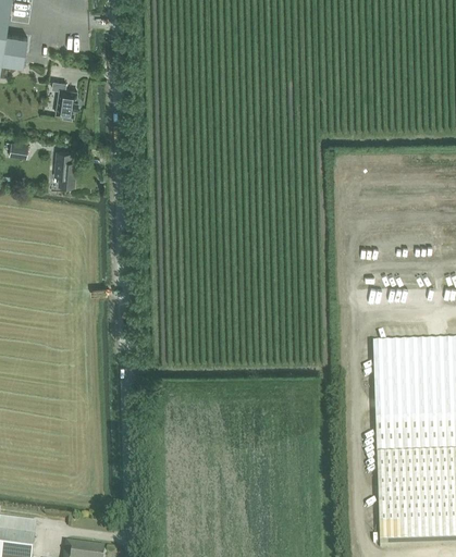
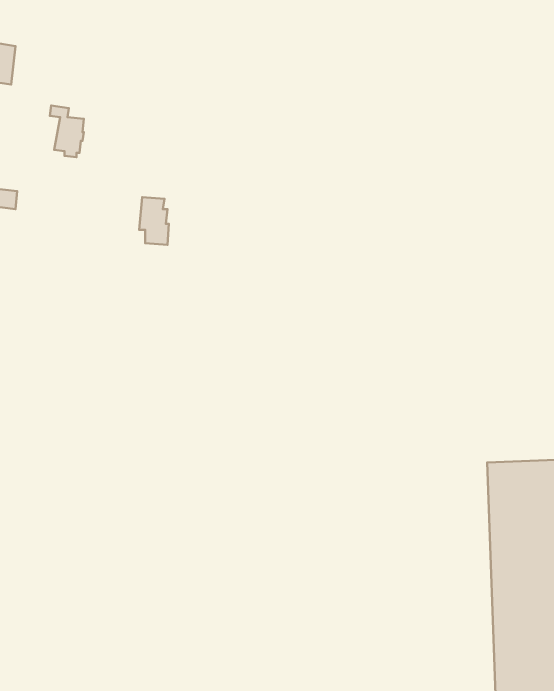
building: [54,152,76,187] -> [139,197,169,245]

